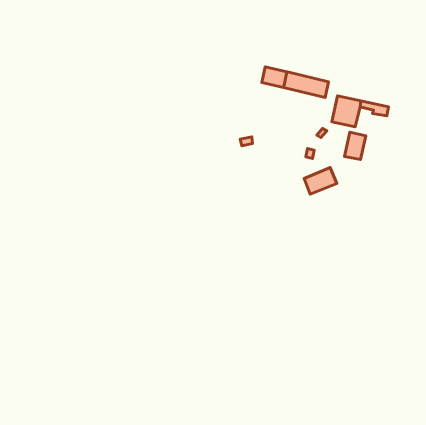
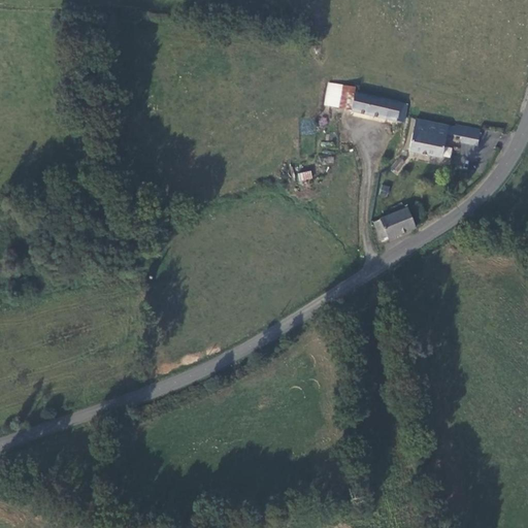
building: [344,132,366,159] -> none

